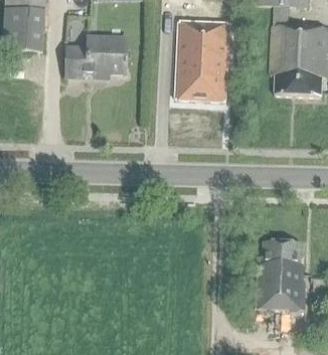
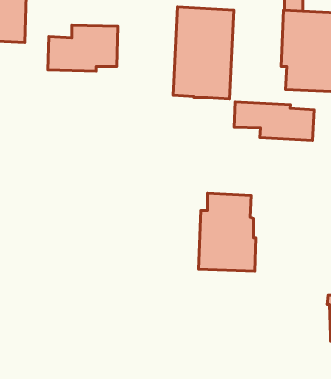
building: none -> [234,102,314,140]
building: [255,240,305,309] -> [198,193,256,271]

